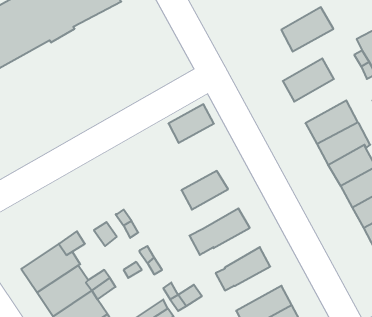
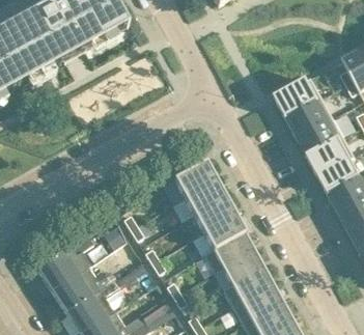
building: [281,7,333,52] -> [284,94,332,135]
building: [168,104,214,143] -> [172,161,214,196]
building: none -> [191,195,233,231]
building: none -> [201,230,253,272]
building: none -> [221,266,273,306]

